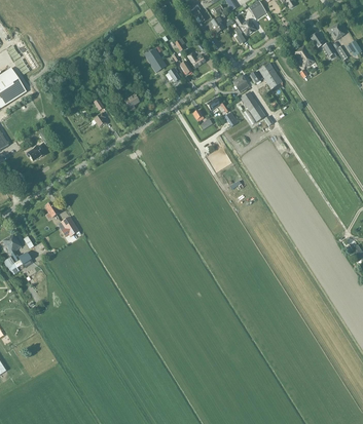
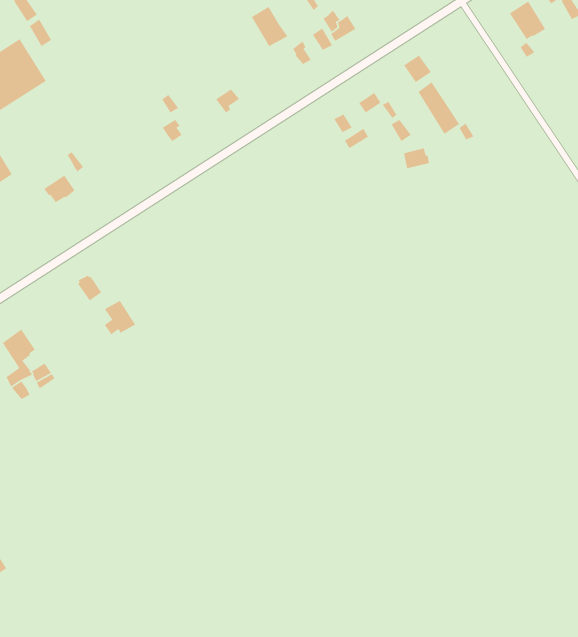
building: [250,62,282,88] -> none

